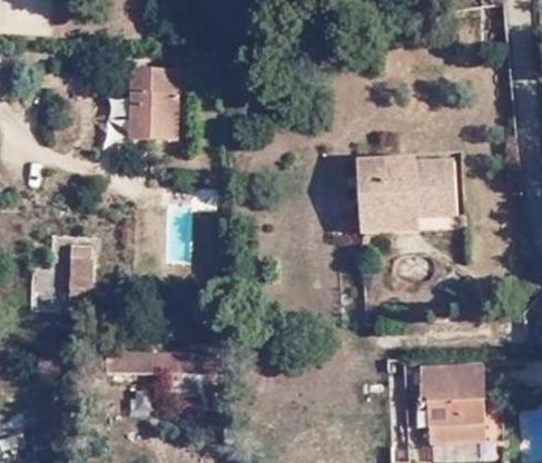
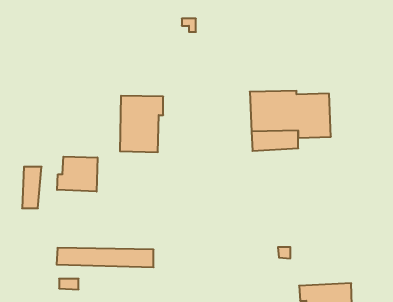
building: [132,68,187,139] -> [120,96,163,152]
building: none -> [57,157,97,192]
building: [422,365,481,395] -> none

